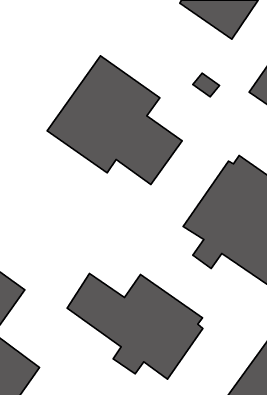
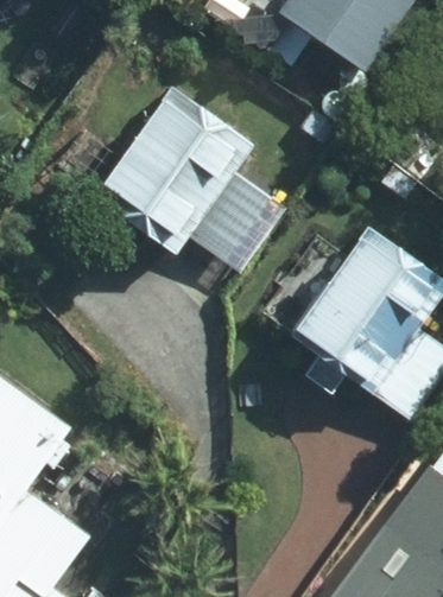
building: [67,274,203,379] -> none

